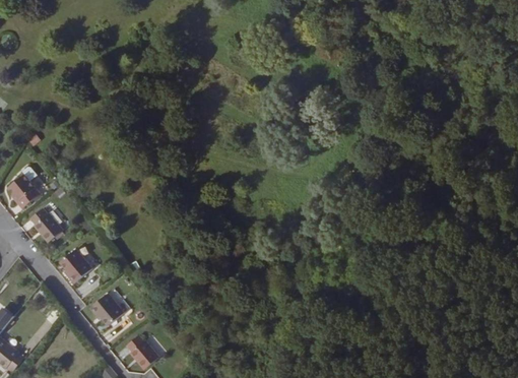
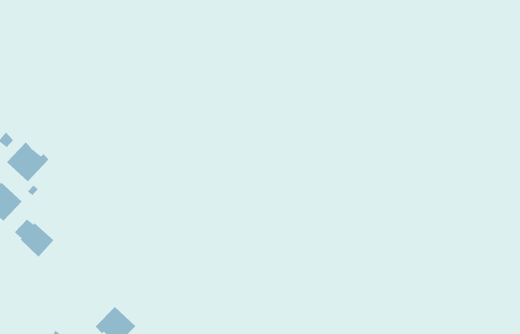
building: none -> [6,142,49,182]
building: [61,248,92,282] -> none

